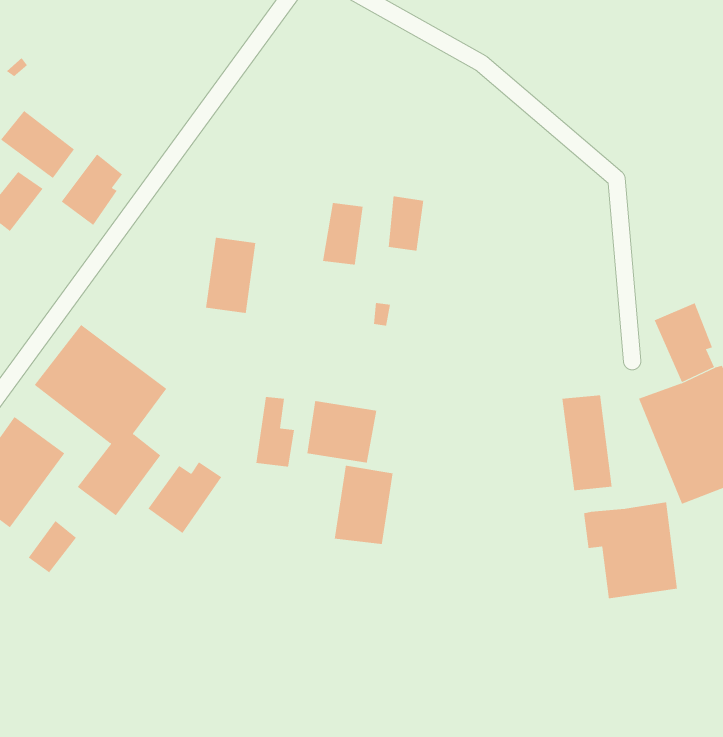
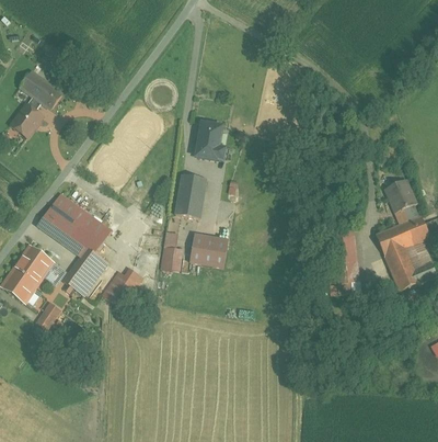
building: [61,154,123,226] -> none
building: [388,195,424,252] -> none
building: [205,237,256,314] -> [176,174,205,217]
building: [334,465,393,545] -> none
building: [584,502,678,599] -> none

